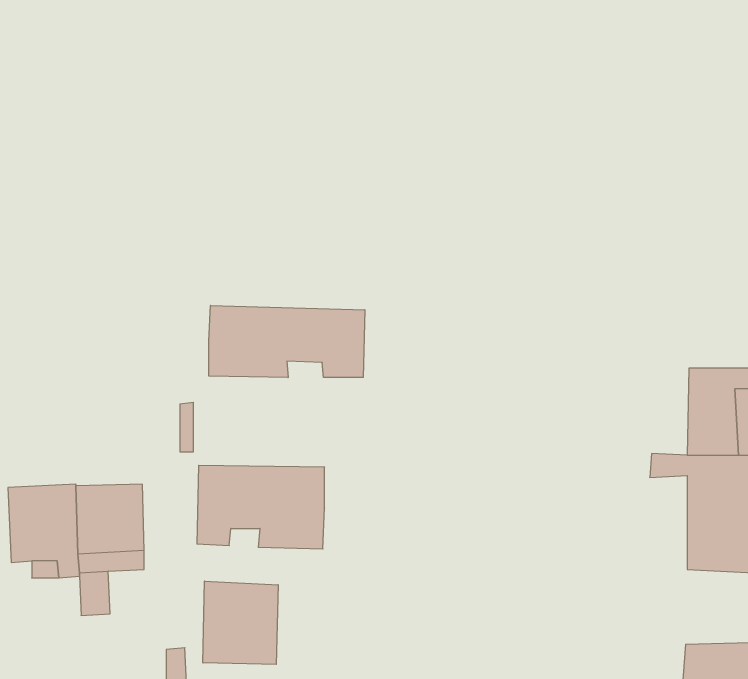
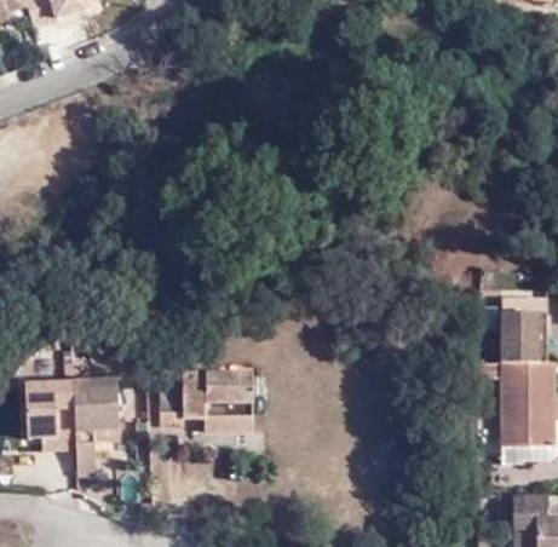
building: [209,305,365,378] -> none
building: [203,581,278,664] -> none

